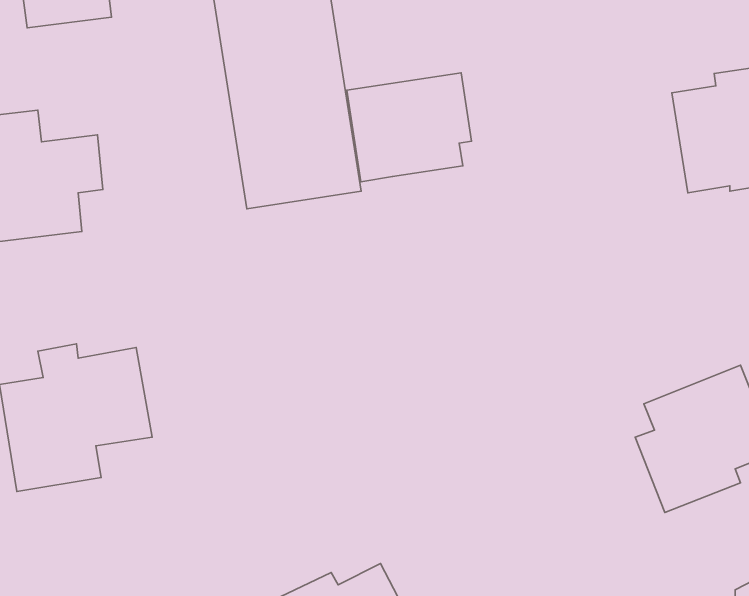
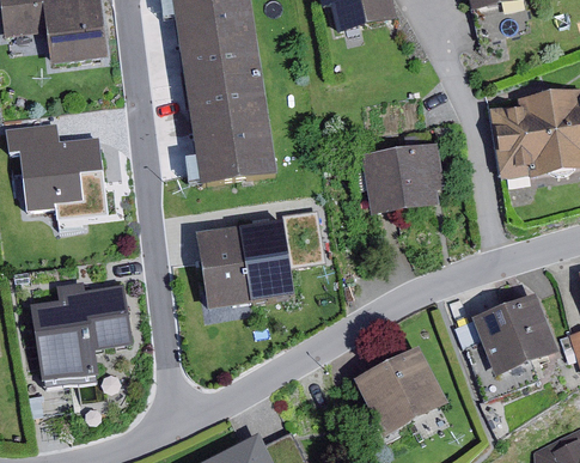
building: [347,73,472,182] -> [360,142,445,217]
building: none -> [195,219,295,309]
building: none -> [352,346,447,438]

